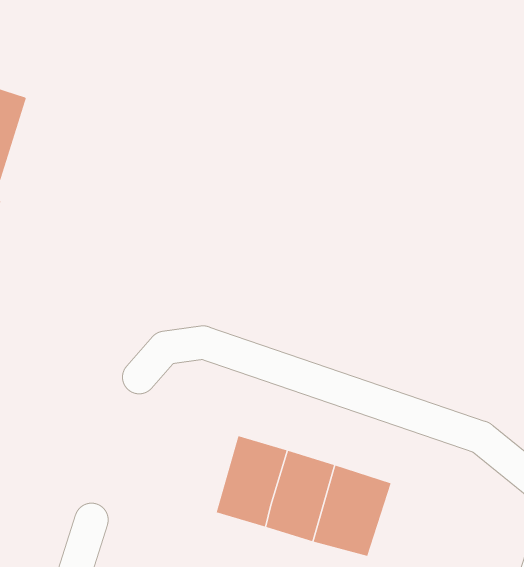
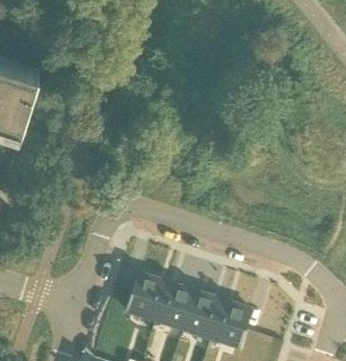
building: none -> [122,268,164,321]

